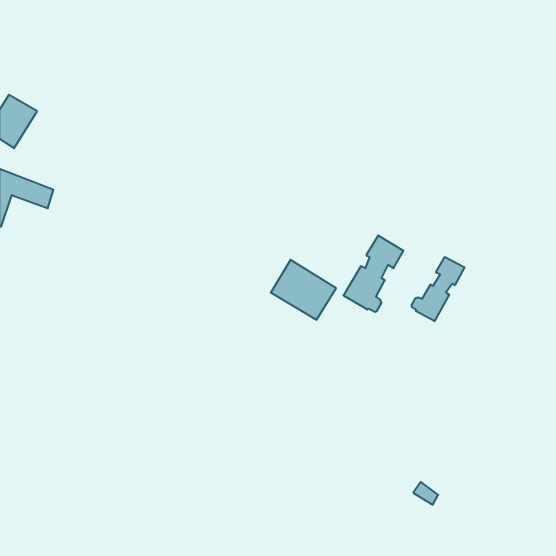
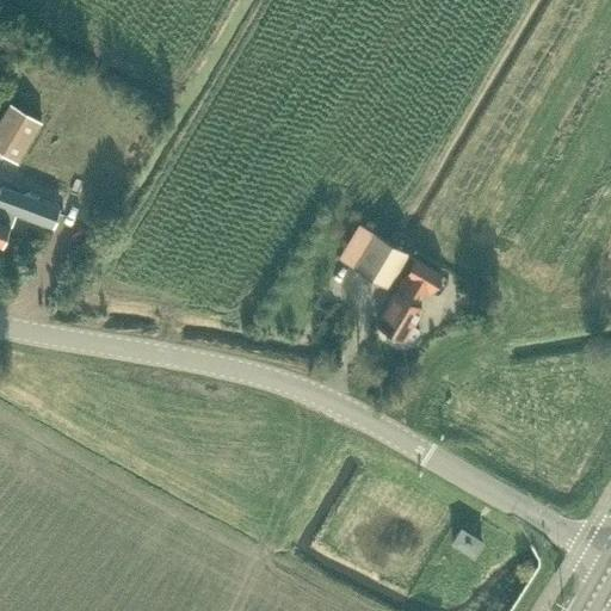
building: [412,257,464,321] -> none
building: [271,260,336,320] -> [337,223,408,289]

